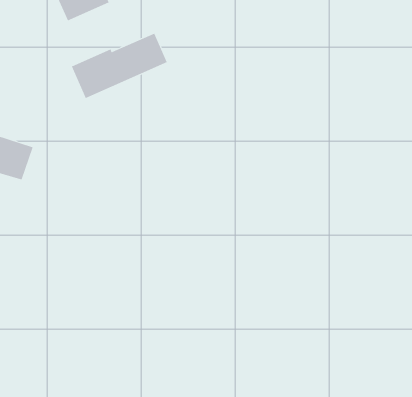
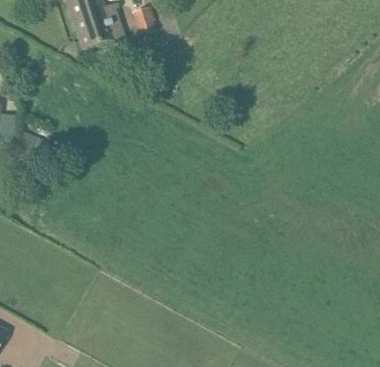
building: [71,33,167,99] -> none

